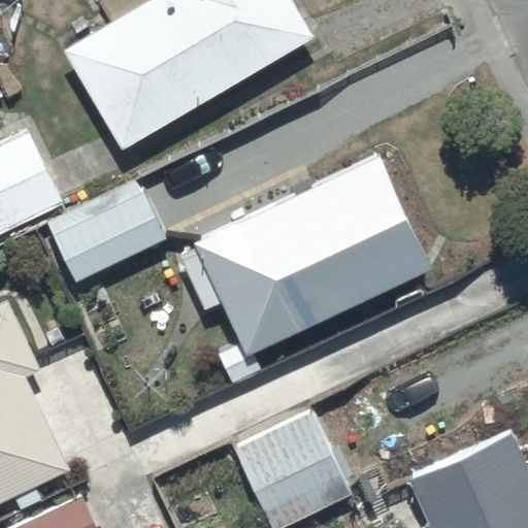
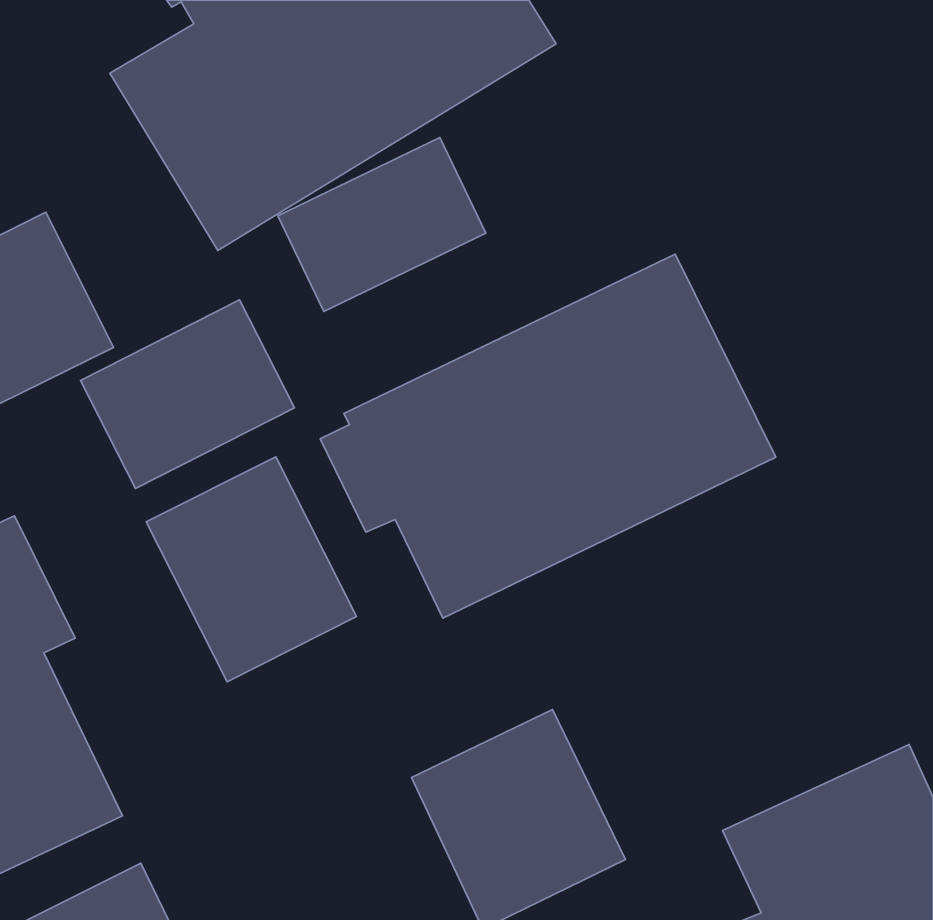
building: none -> [278,138,486,311]
building: none -> [146,457,357,682]

